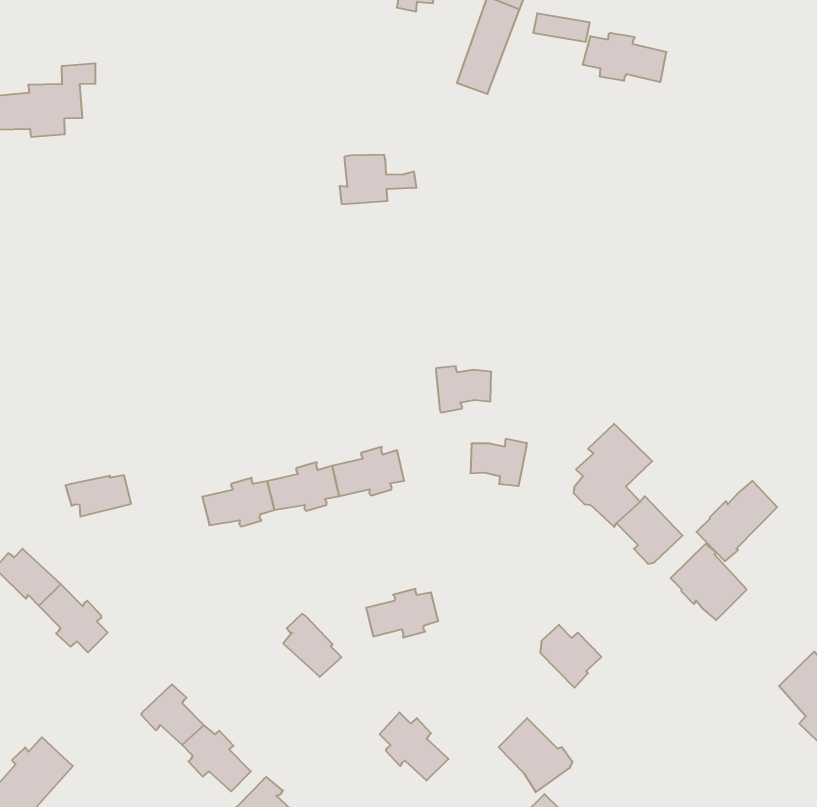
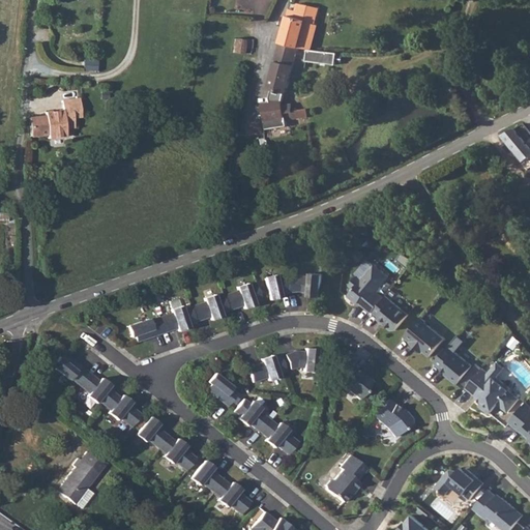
building: [583,33,666,82] -> none
building: [339,155,417,204] -> [261,101,301,129]
building: [436,366,491,413] -> [266,275,296,300]
building: [65,475,131,517] -> [127,318,163,342]
building: [696,481,777,561] -> none
building: none -> [286,348,318,372]
building: none -> [436,346,474,384]
building: none -> [106,393,143,428]
building: none -> [234,399,271,433]
building: [499,718,572,792] -> [375,399,414,437]

